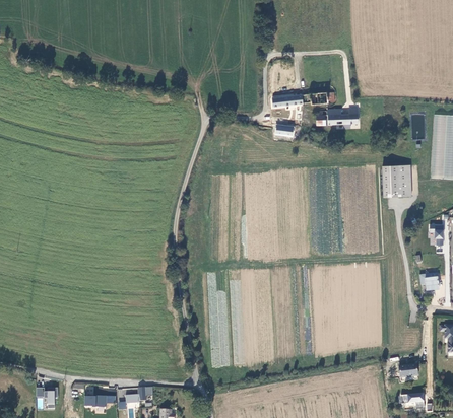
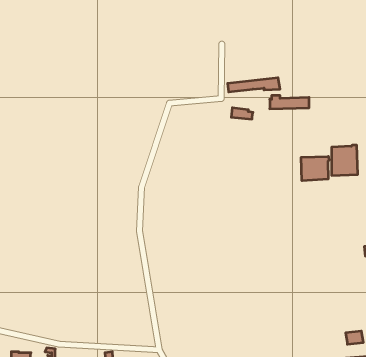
building: none -> [301,156,329,181]

